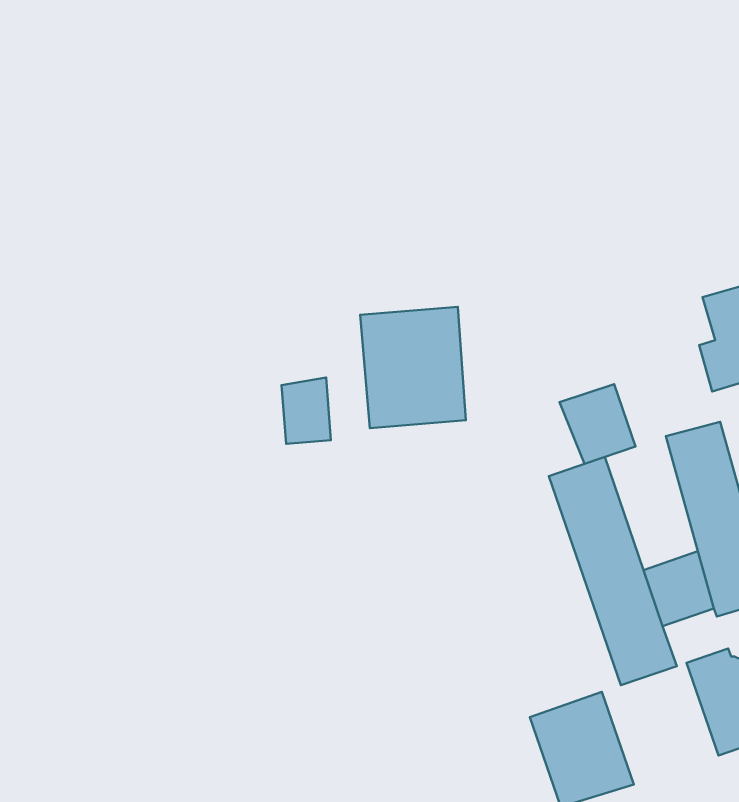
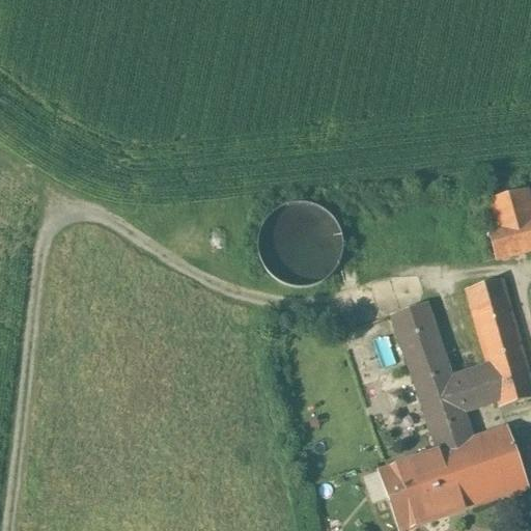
building: [281,377,331,444] -> none
building: [559,384,635,464] -> none
building: none -> [425,435,501,513]

